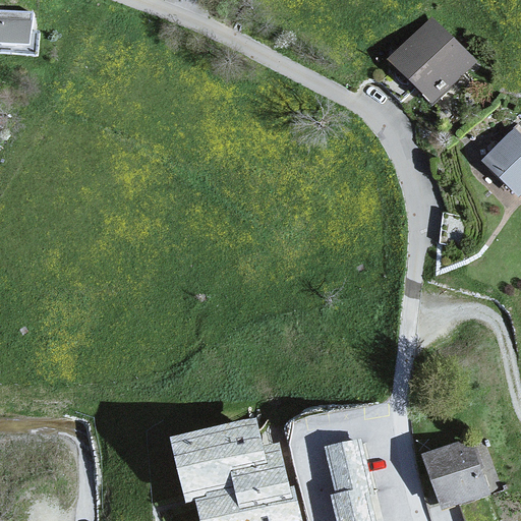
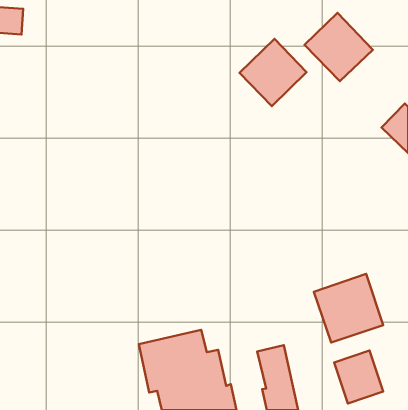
building: none -> [240,39,307,106]
building: none -> [314,274,383,343]

